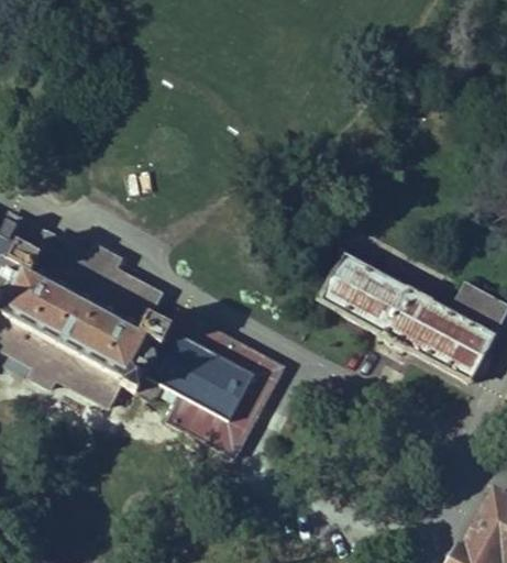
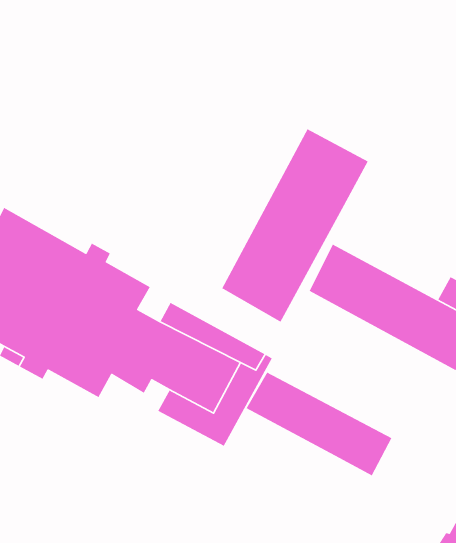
building: none -> [221,128,369,323]
building: none -> [245,371,392,476]

